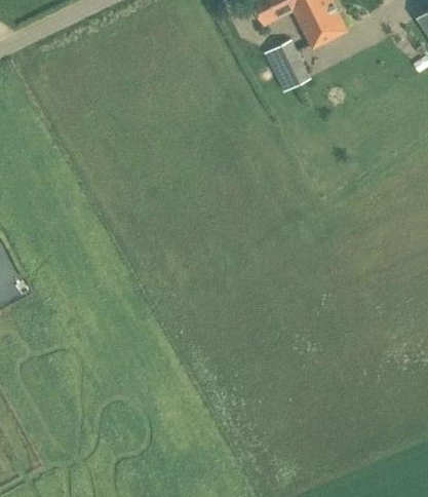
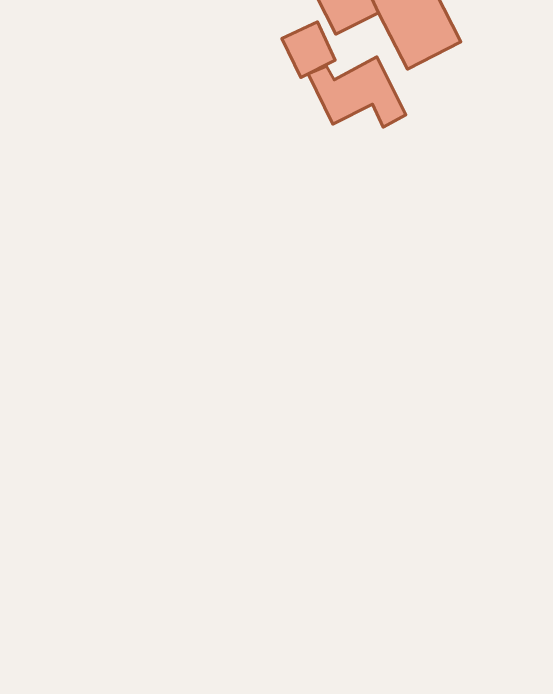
building: none -> [282,22,335,78]

